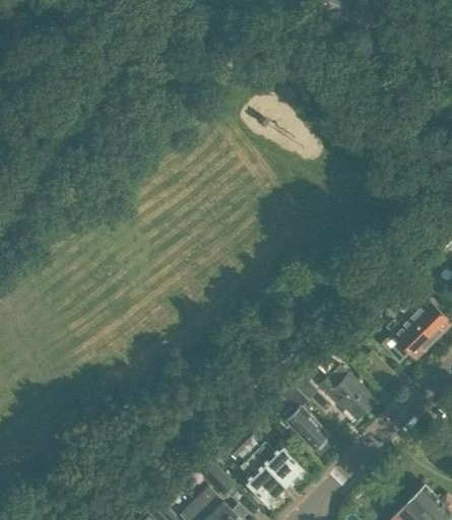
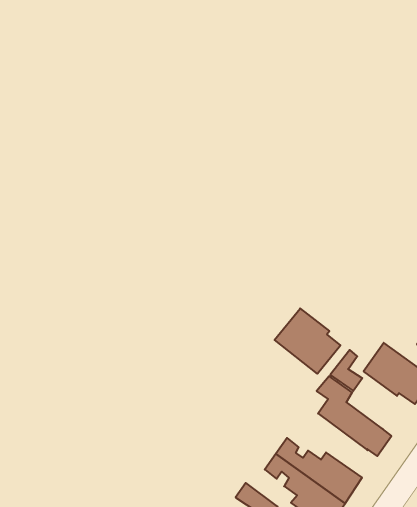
building: none -> [275,308,340,374]

